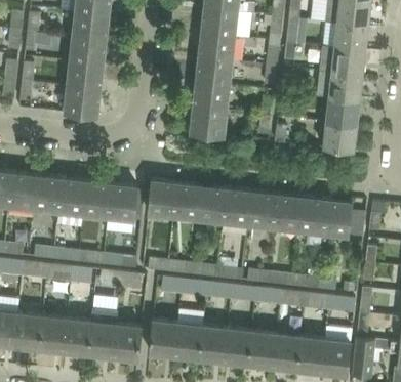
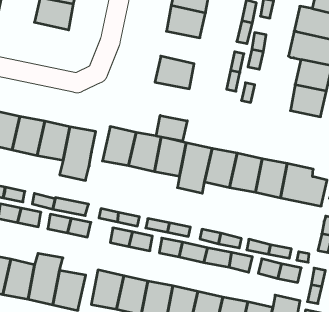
building: [193,83,229,112] -> none
building: [66,87,102,116] -> none
building: none -> [156,115,187,141]

